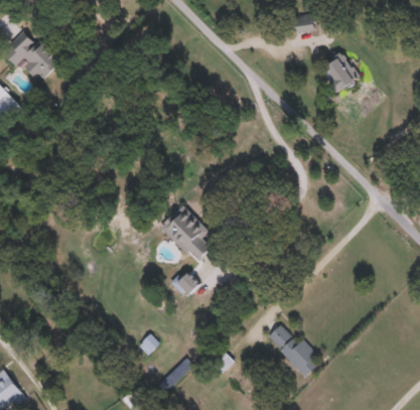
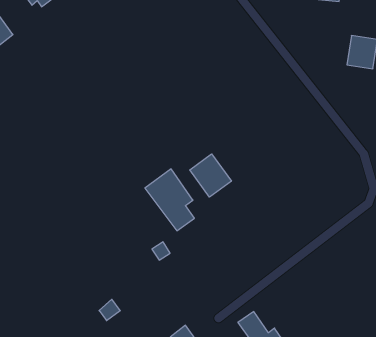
building: none -> [190,154,231,197]

